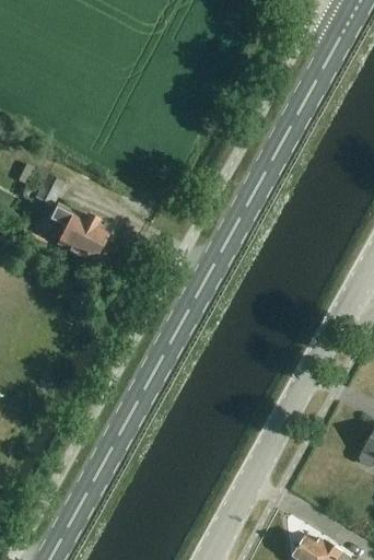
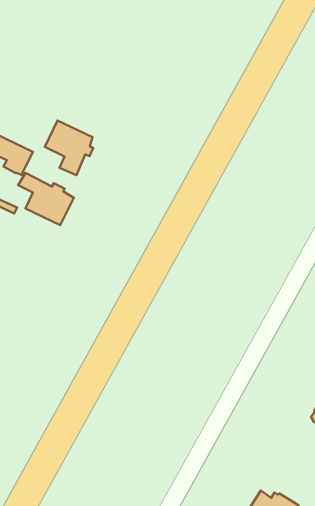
building: none -> [45,121,93,175]

